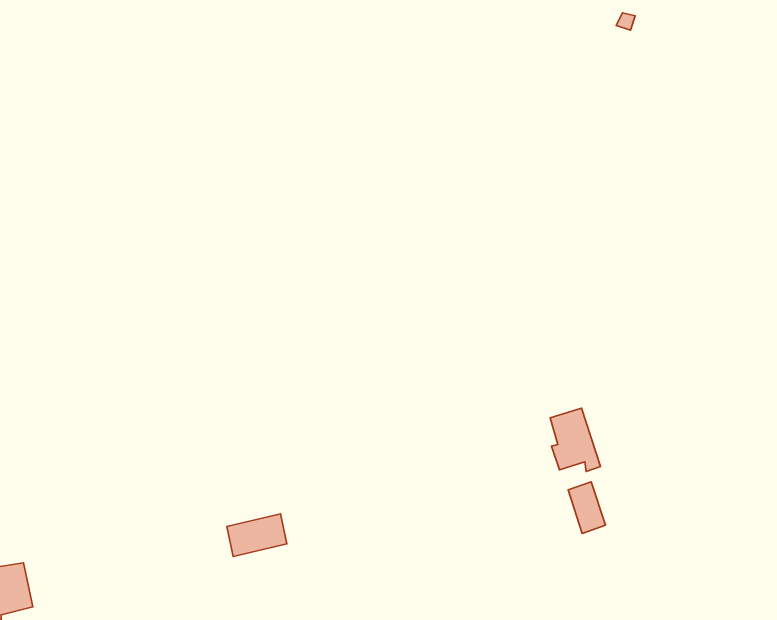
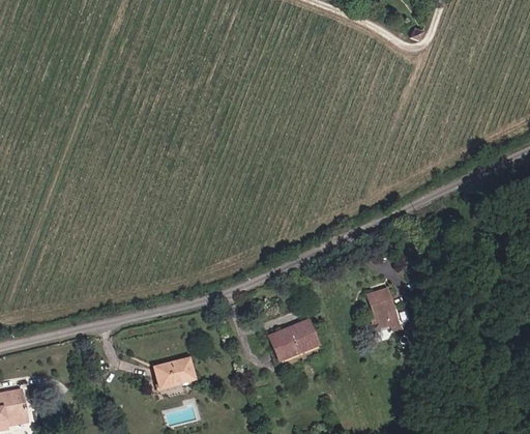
building: none -> [269,320,317,359]
building: [568,482,605,533] -> none

